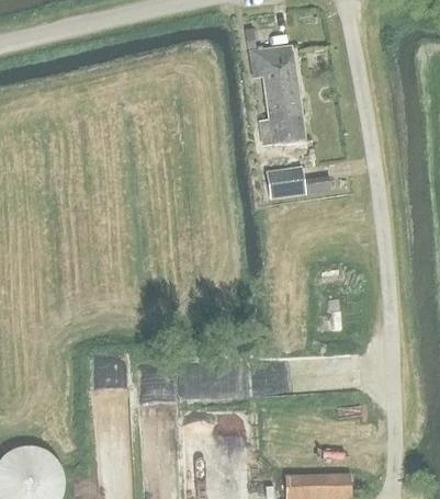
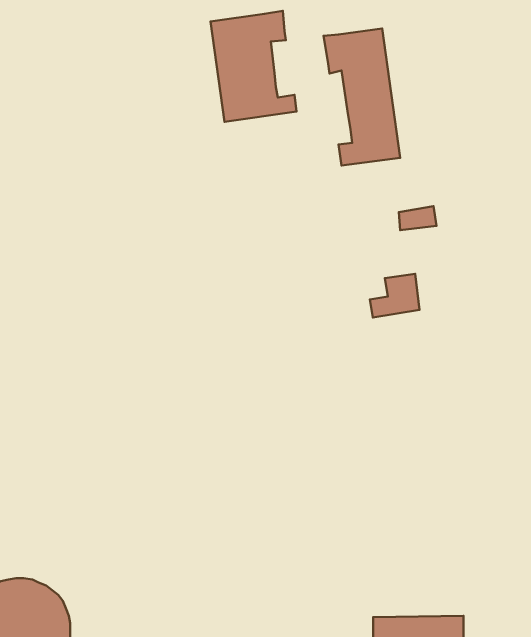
building: none -> [211,11,297,122]
building: [268,167,304,199] -> [370,274,420,317]

